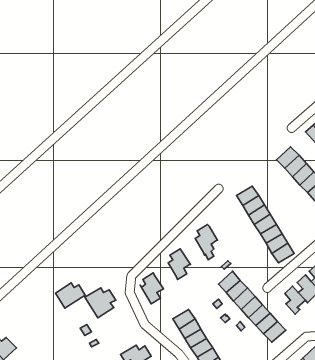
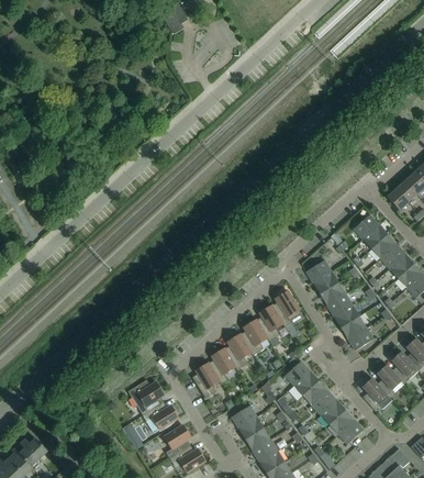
building: none -> [274,290,301,337]
building: none -> [239,319,267,355]
building: none -> [210,347,235,383]
building: [55,283,85,308] -> [143,402,178,432]
building: none -> [164,424,190,457]

